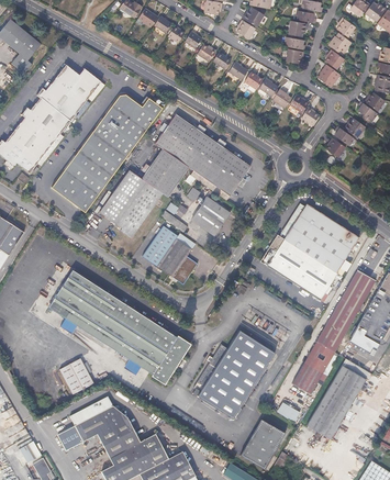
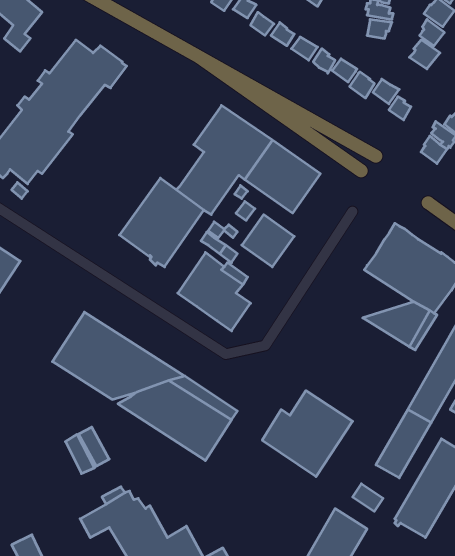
building: [52,93,161,212] -> none
building: [260,233,321,274] -> none
building: [194,366,247,417] -> none

